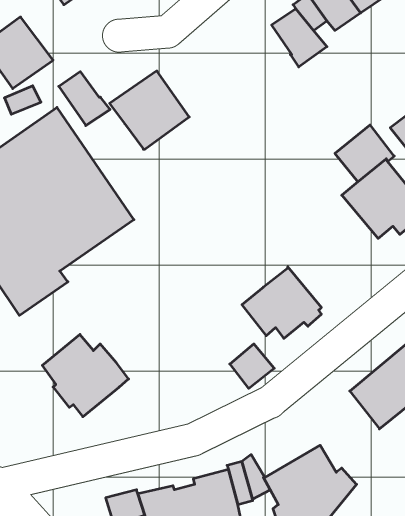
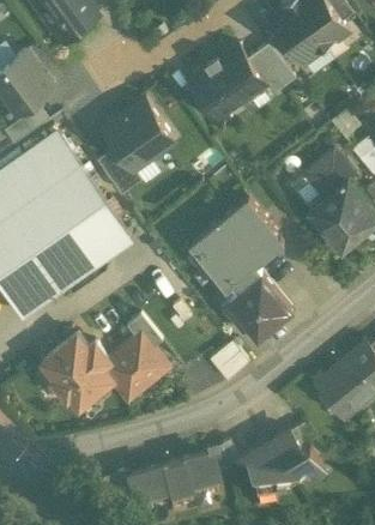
building: none -> [187,46,264,119]
building: [59,72,110,126] -> [96,146,141,194]
building: none -> [188,198,283,291]
building: none -> [108,315,168,399]

